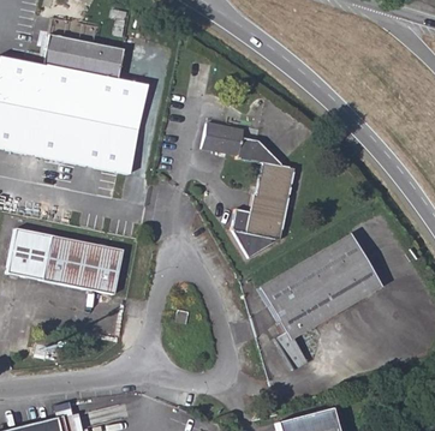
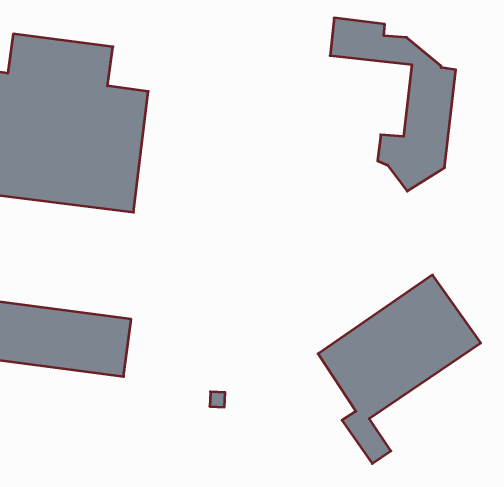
building: [203,121,296,253] -> [330,18,456,191]

